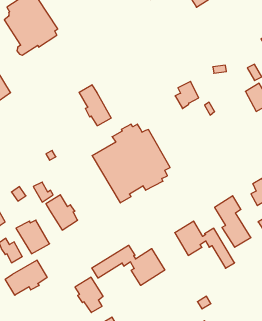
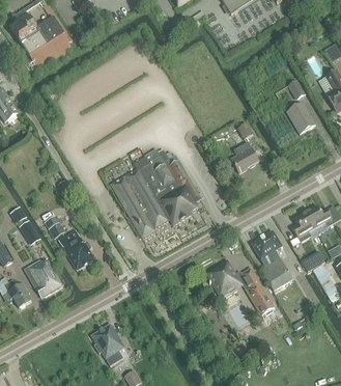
building: [175,81,199,109] -> [231,143,258,174]
building: [79,85,111,126] -> none
building: [92,245,165,285] -> none
building: [5,260,47,295] -> none

